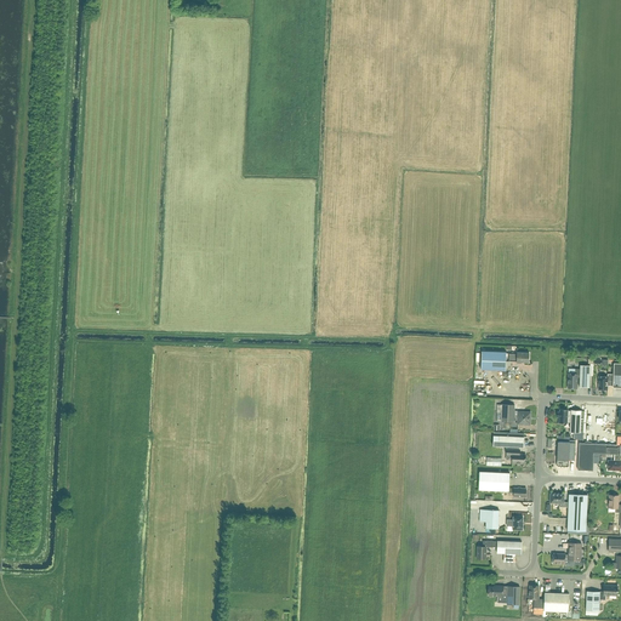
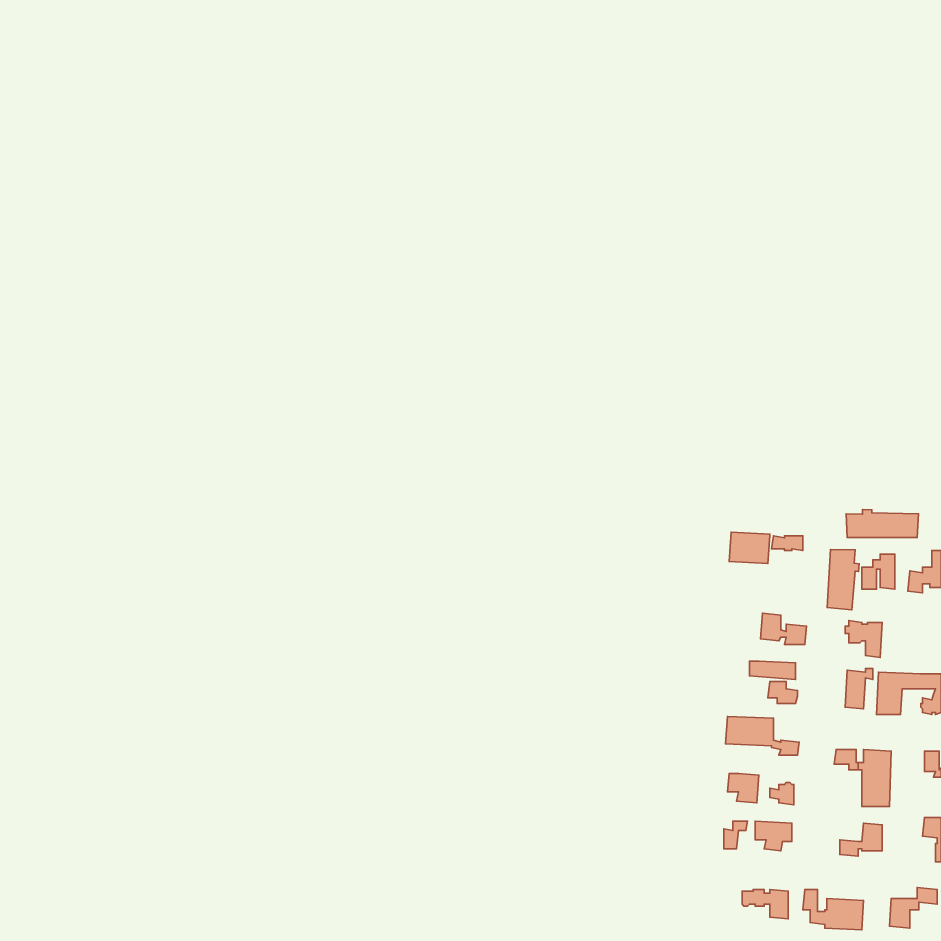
building: none -> [846,510,918,537]
building: none -> [827,549,859,610]

